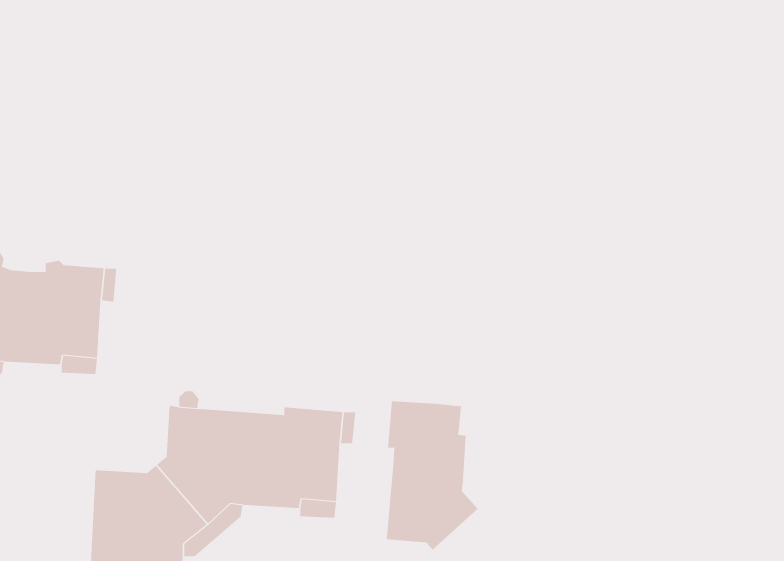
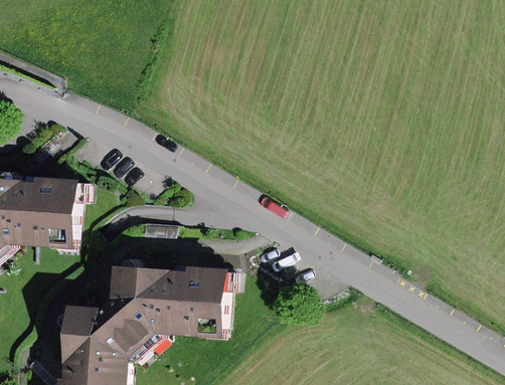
building: [386,401,479,551] -> none

